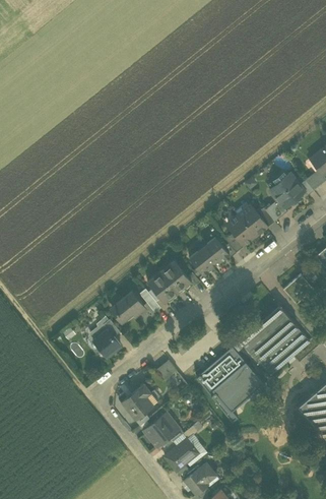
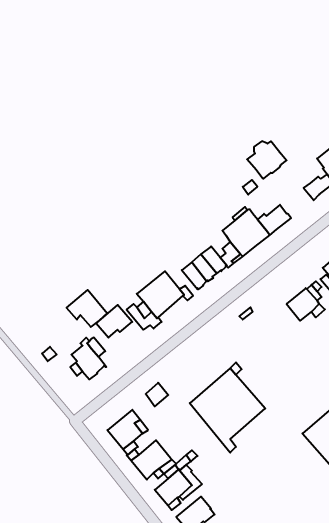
building: [269,174,305,207] -> [247,141,287,178]
building: none -> [67,290,107,327]
building: [240,306,310,376] -> none

